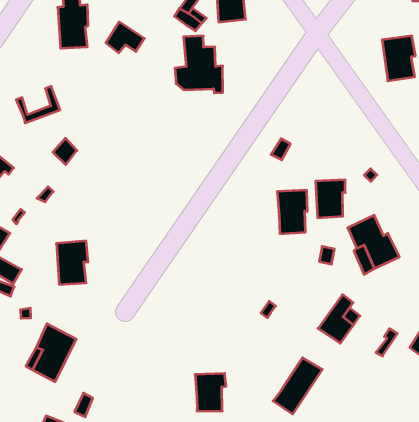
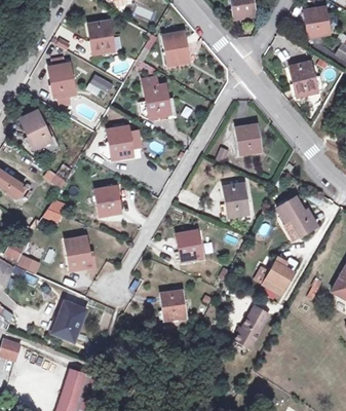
building: none -> [21,111,50,148]
building: none -> [107,125,131,159]
building: none -> [94,186,119,216]
building: [316,180,345,218] -> [235,124,258,154]
building: none -> [176,230,203,260]
building: [195,373,226,411] -> [160,290,184,320]

